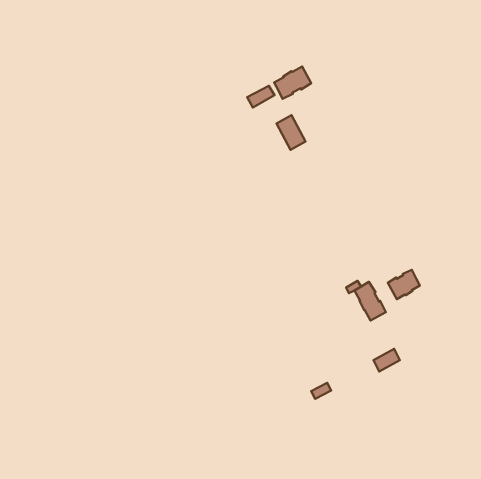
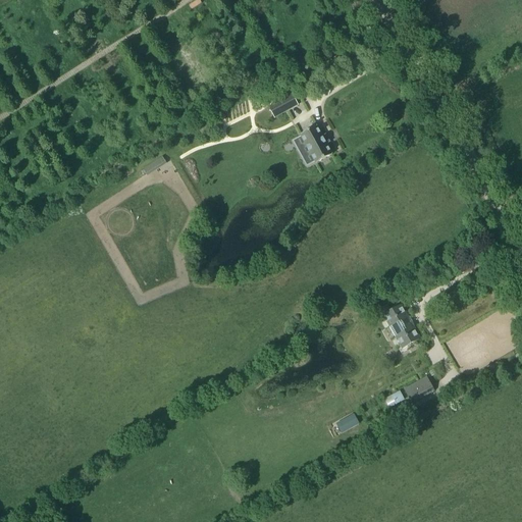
building: [274,66,311,99] -> none
building: [388,270,420,299] -> none

